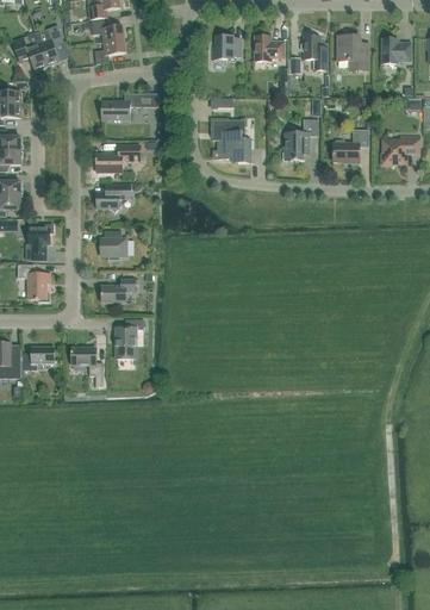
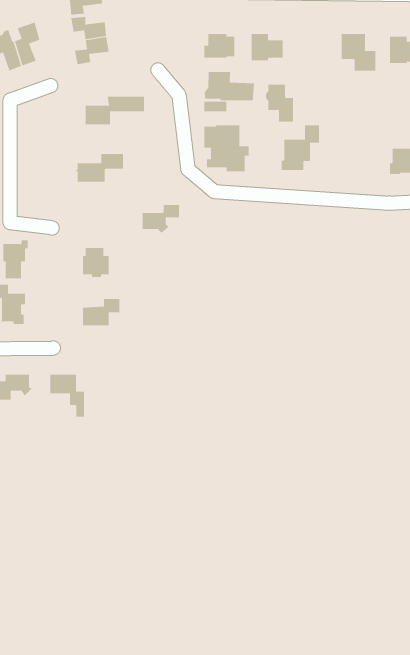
building: [301,36,328,70] -> [265,84,294,122]
building: none -> [204,71,254,101]
building: [334,130,369,163] -> none
building: [96,186,131,212] -> [142,205,180,233]
building: [116,319,143,356] -> none

